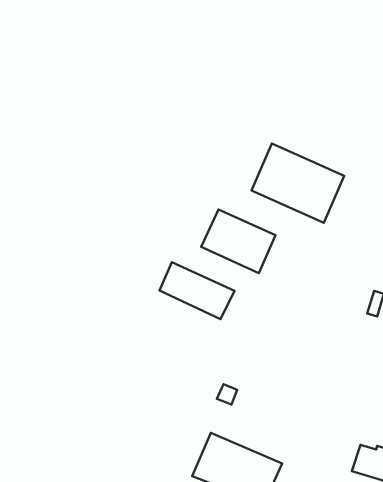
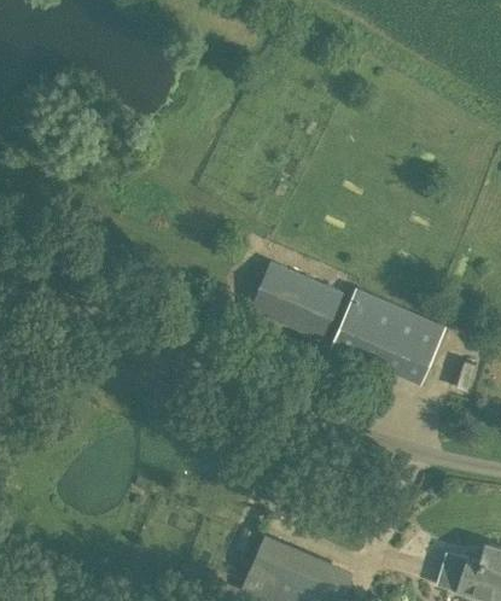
building: [251,143,344,223] -> [331,287,445,385]
building: [160,262,234,319] -> none

